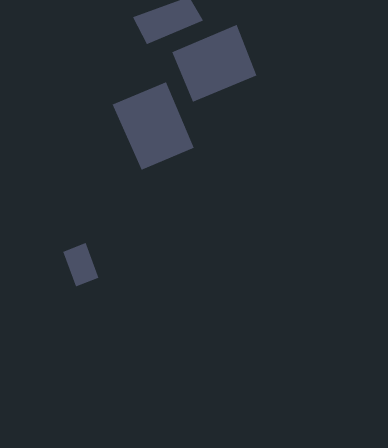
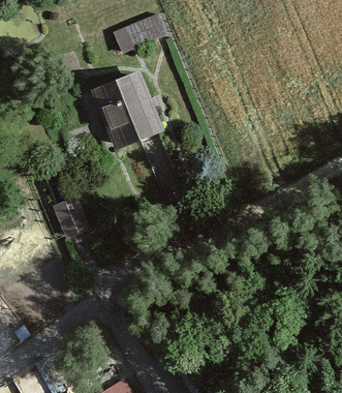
building: [171,24,257,103] -> none

